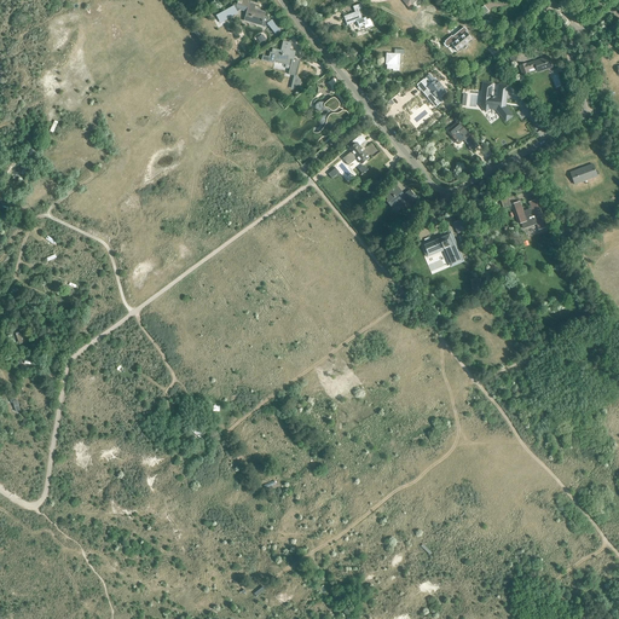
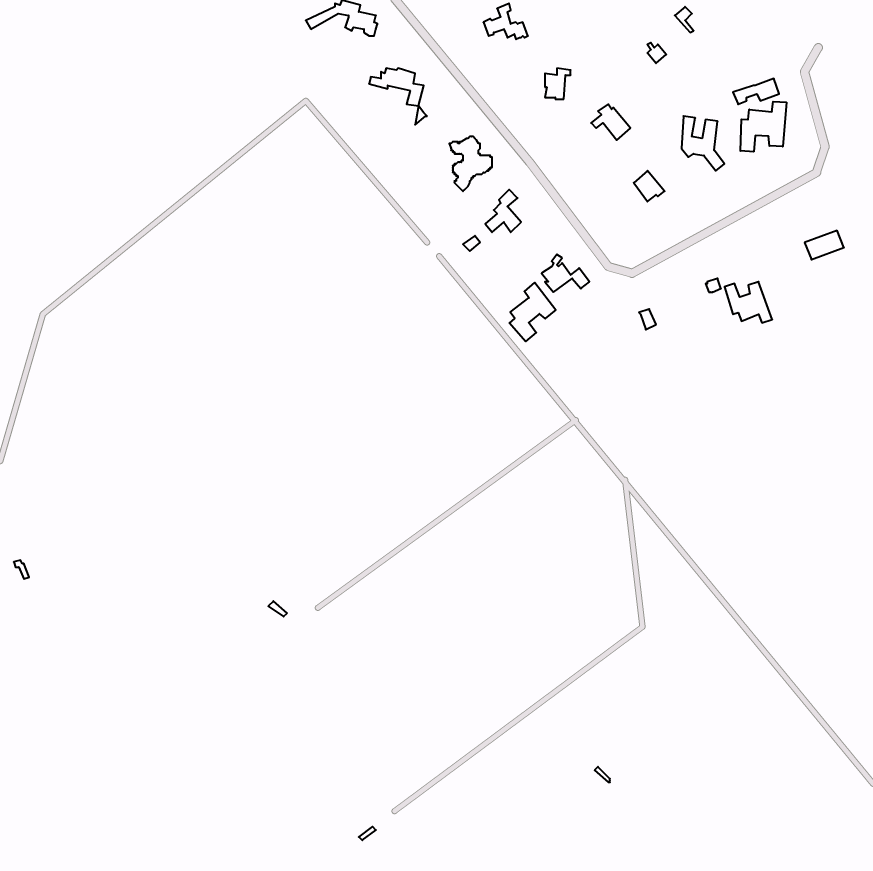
building: none -> [740,102,786,152]
building: none -> [509,283,556,341]
building: [422,232,463,265] -> none

